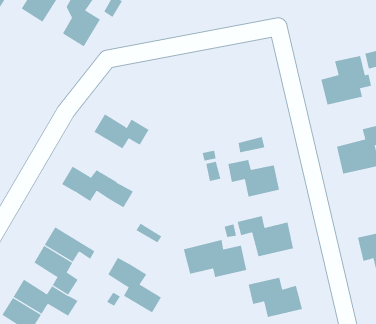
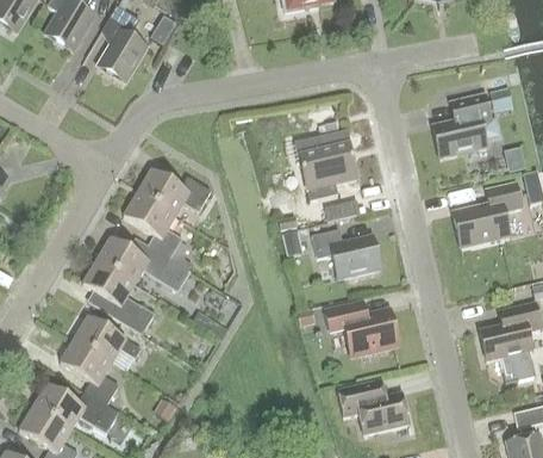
building: none -> [293,128,356,188]
building: none -> [123,192,182,258]
building: [183,239,247,278] -> none
building: [108,257,162,313] -> [82,260,152,333]

